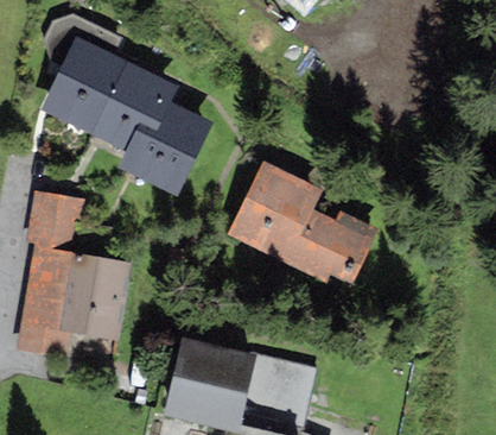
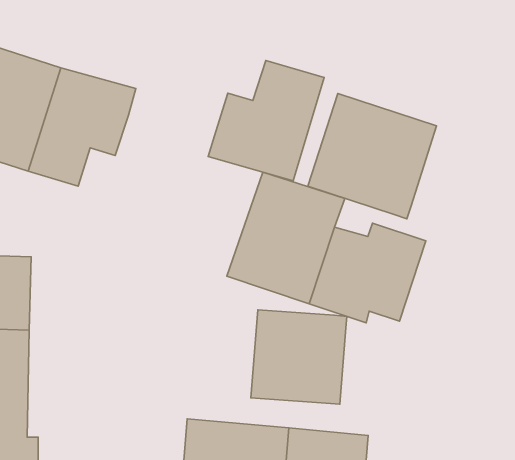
building: [117,103,212,196] -> [208,61,324,181]
building: none -> [308,93,437,219]
building: [61,253,129,340] -> none
building: none -> [251,310,347,404]

